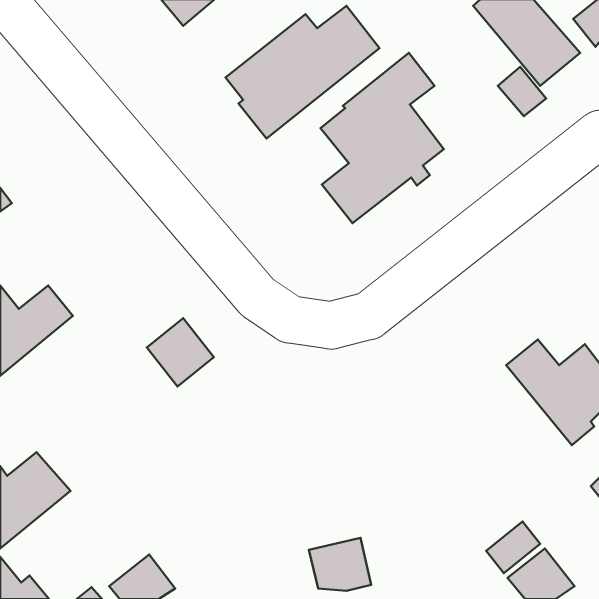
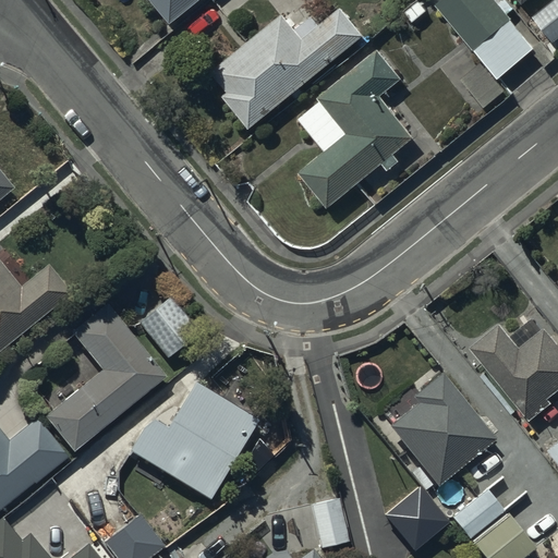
building: none -> [44,305,163,452]
building: none -> [388,366,493,477]
building: none -> [128,384,256,500]
building: none -> [387,487,449,550]

